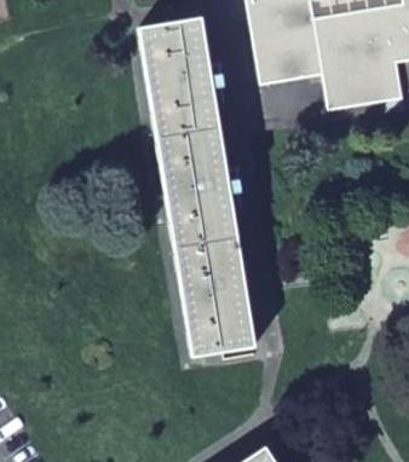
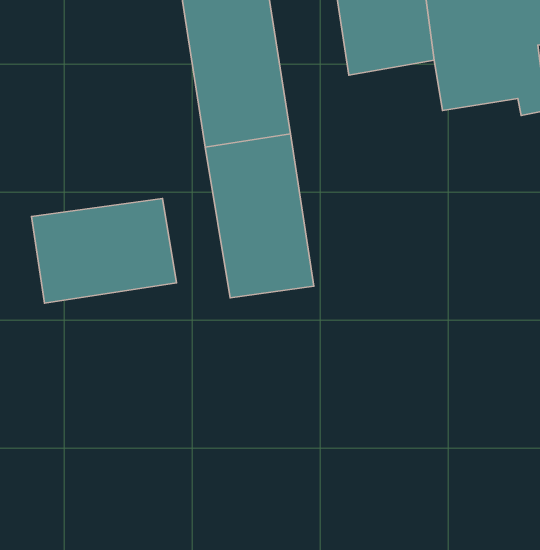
building: none -> [31,198,176,303]
building: [174,237,253,354] -> none

